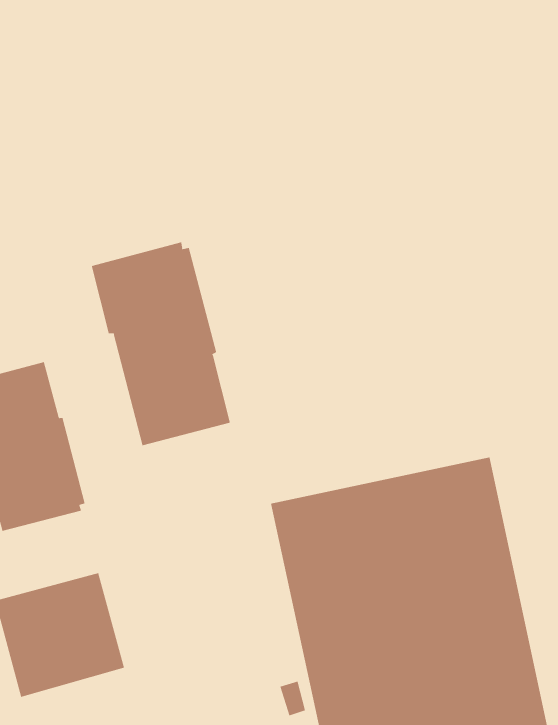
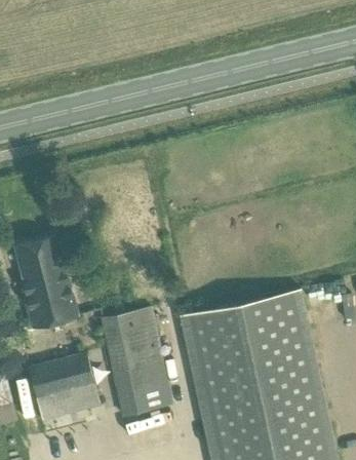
building: [91,241,231,446] -> none
building: none -> [104,309,172,416]

